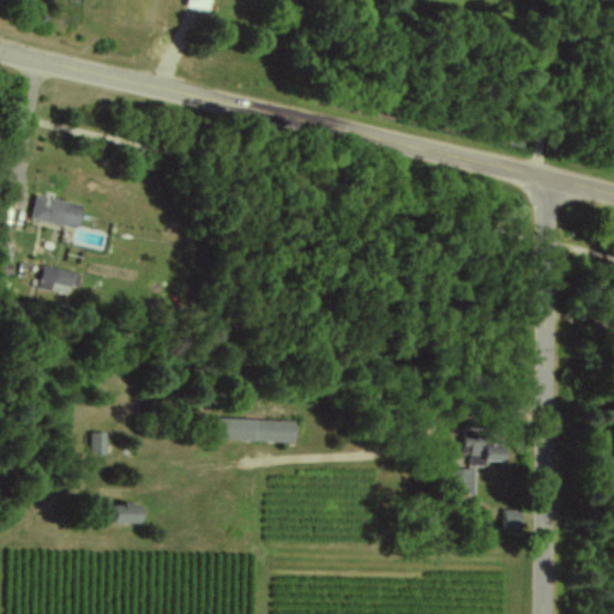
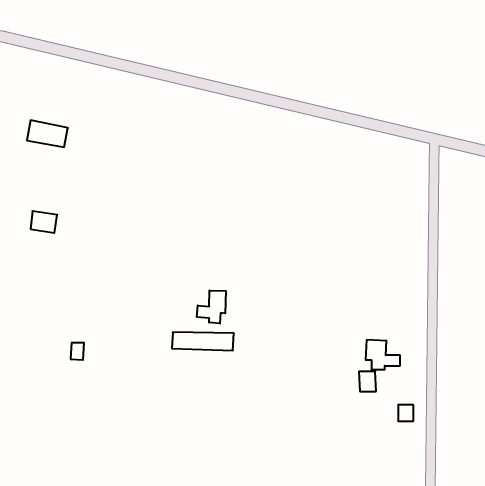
building: [32,195,84,229] -> [27,120,68,147]
building: none -> [197,290,226,324]
building: [115,504,145,524] -> none

